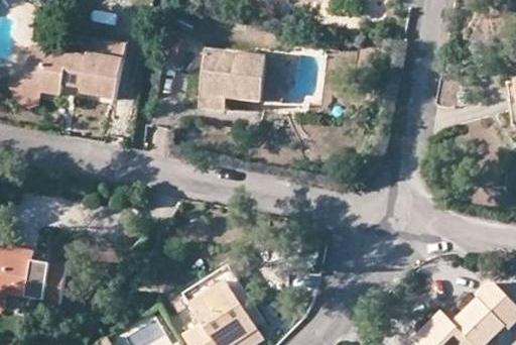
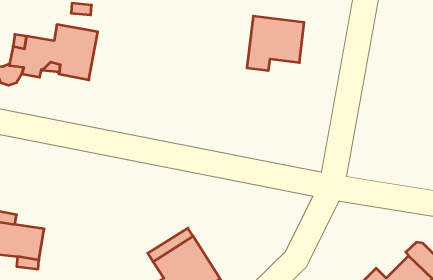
building: [200,49,264,111] -> [247,16,304,71]

